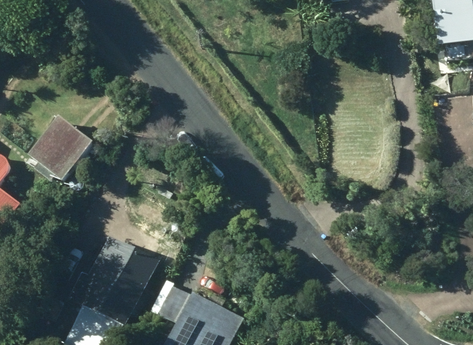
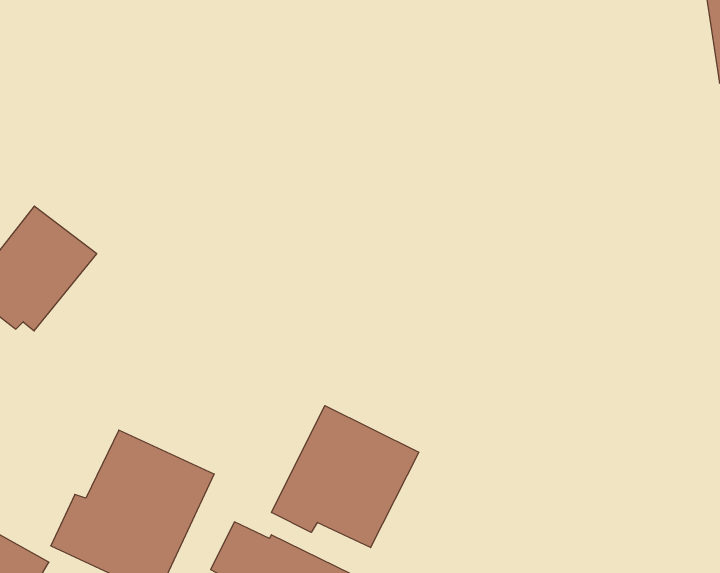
building: none -> [272,406,419,548]

